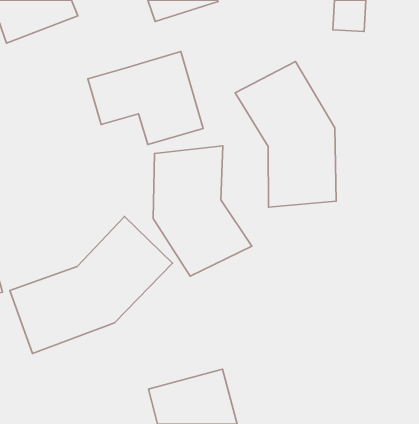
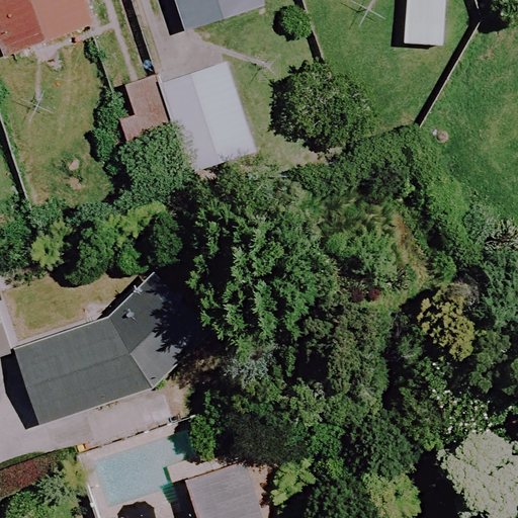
building: [235,61,336,207] -> none
building: [153,146,252,276] -> none

